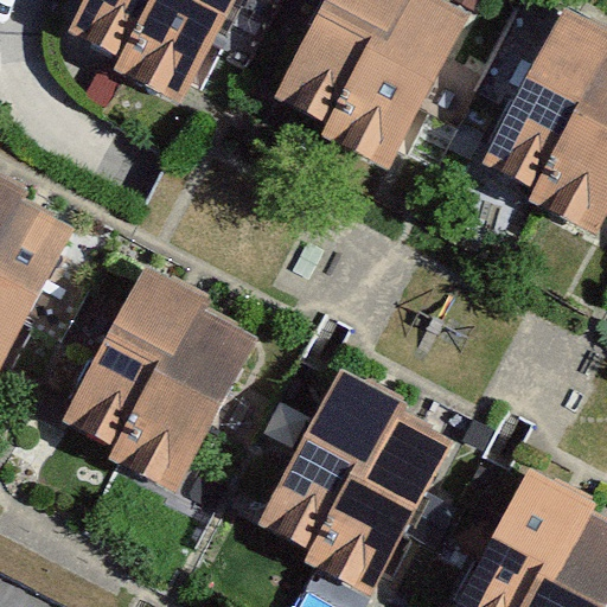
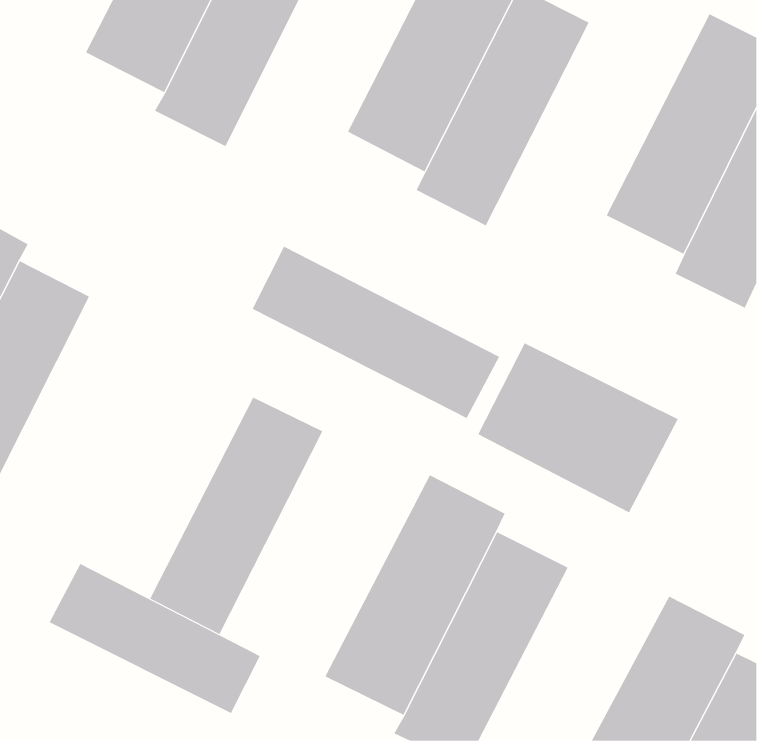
building: none -> [252,246,500,419]
building: [64,268,207,460] -> none
building: none -> [478,342,678,513]
building: none -> [49,563,261,714]

